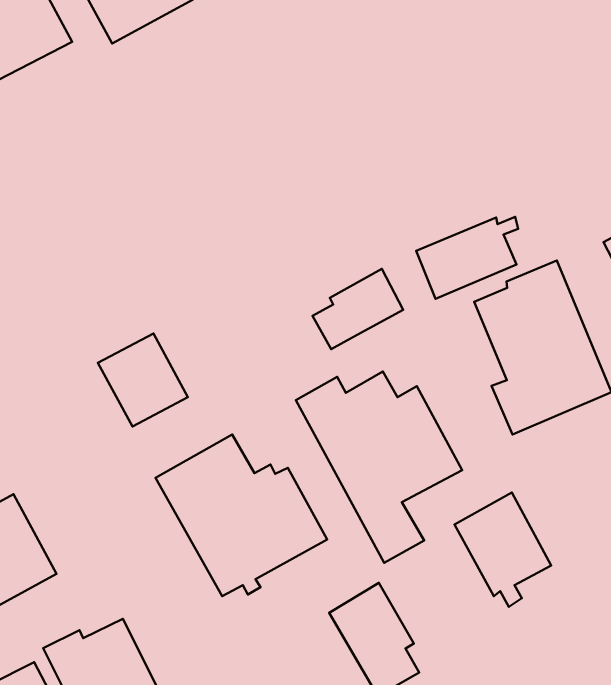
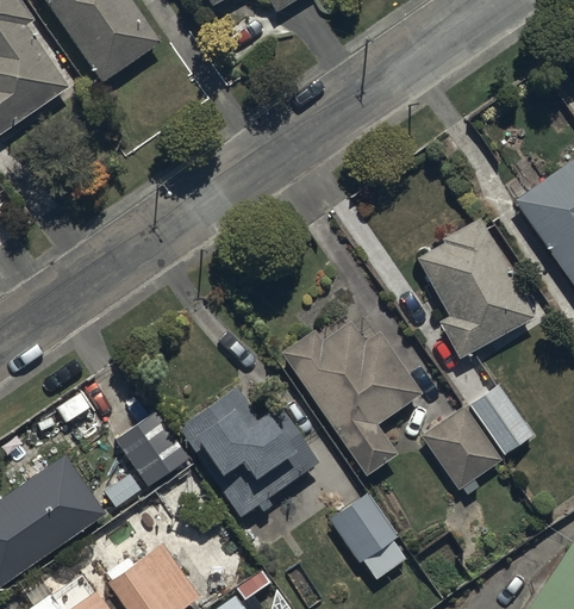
building: [416,217,518,299] -> none
building: [313,269,403,349] -> none
building: [98,334,188,427] -> [114,410,189,486]
building: none -> [469,387,531,454]

